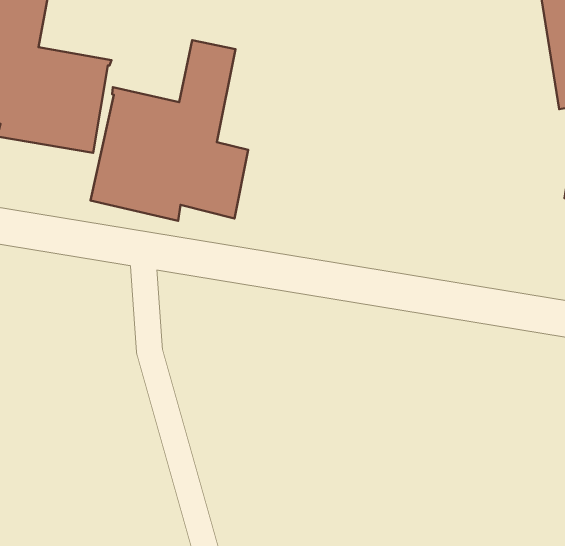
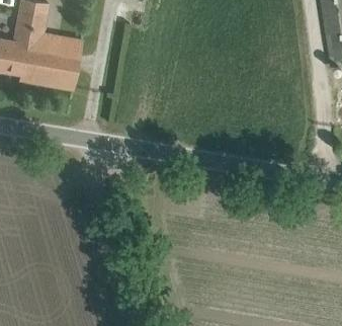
building: [91,40,248,221] -> none

